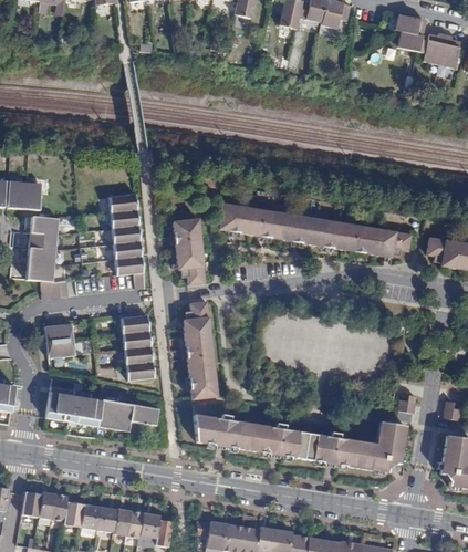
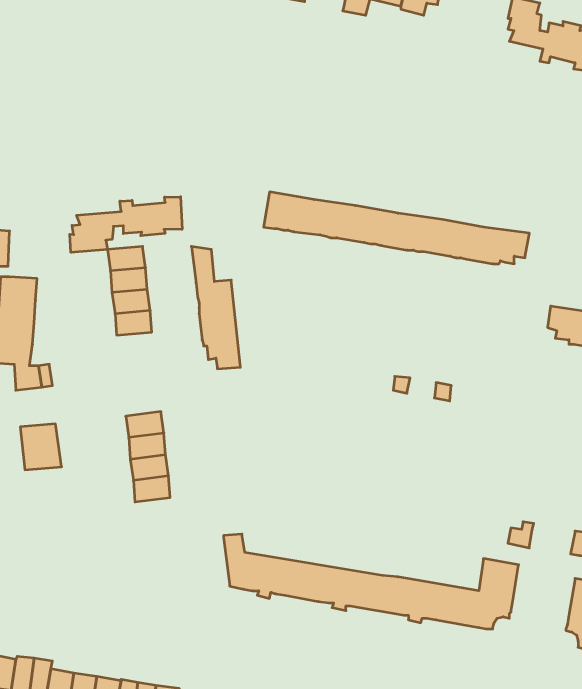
building: none -> [70,197,182,252]
building: [218,204,410,256] -> [264,192,529,264]
building: [115,257,144,289] -> none
building: [184,301,217,398] -> none
building: [46,386,158,430] -> none

